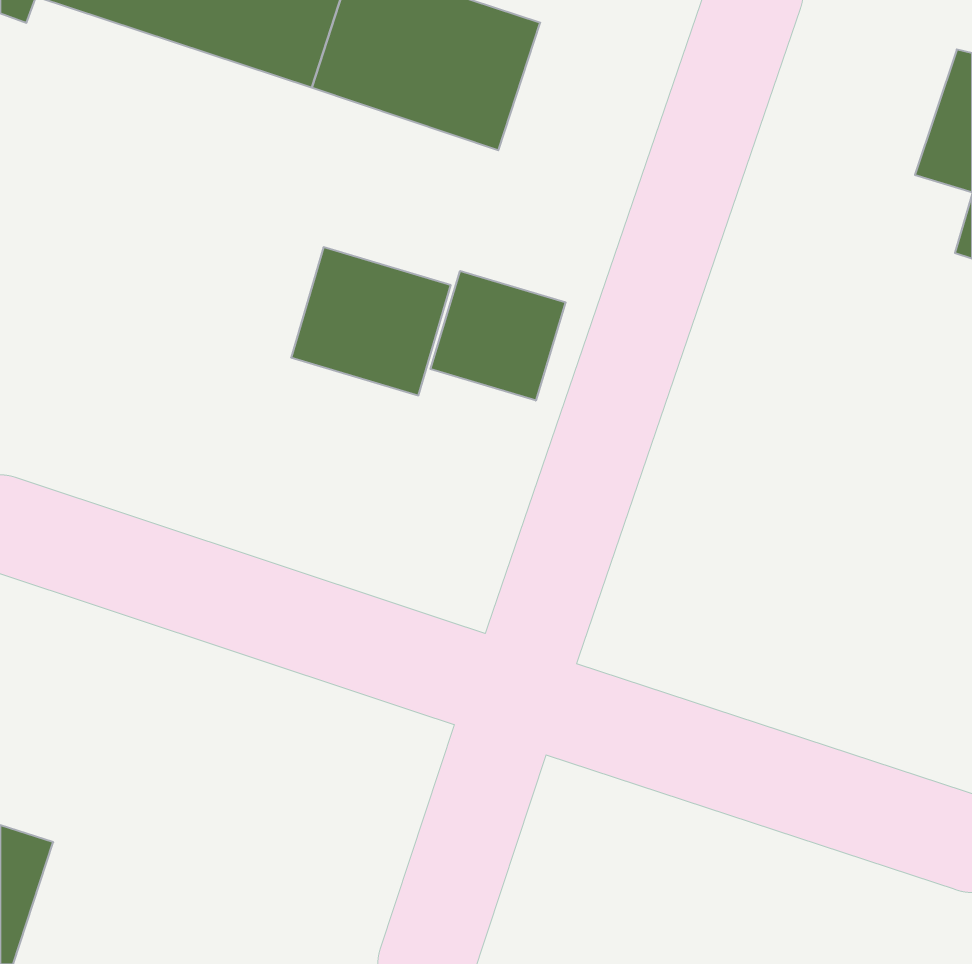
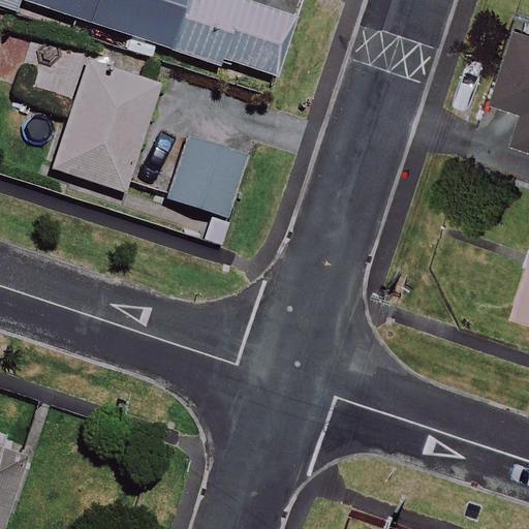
building: none -> [29,50,159,190]
building: [430,271,566,401] -> none

